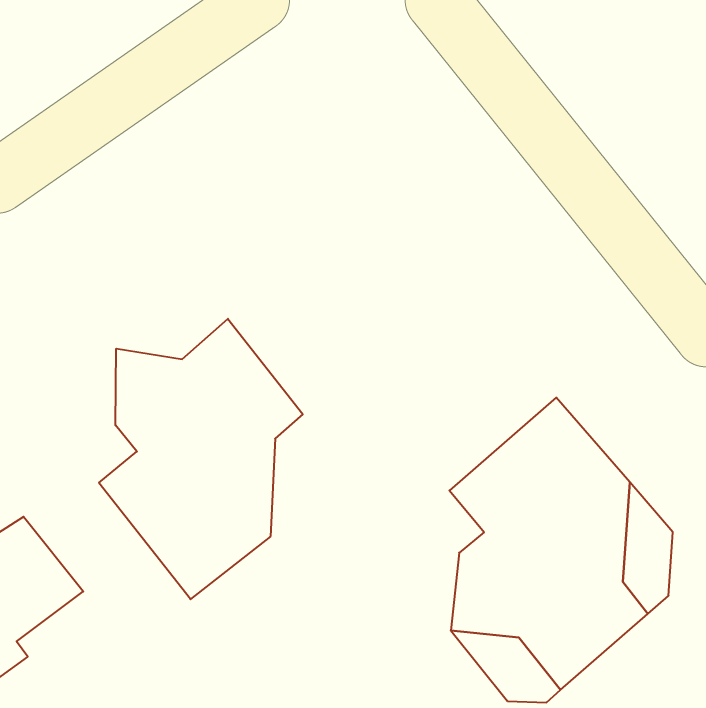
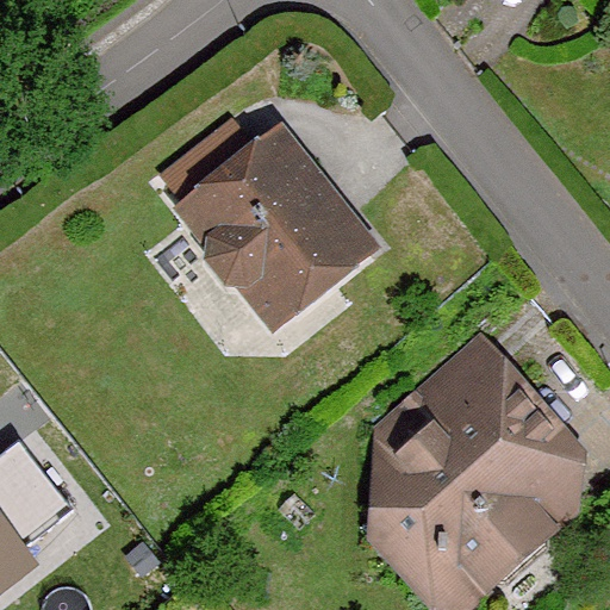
building: none -> [164,129,365,316]
building: [99,319,303,599] -> none

